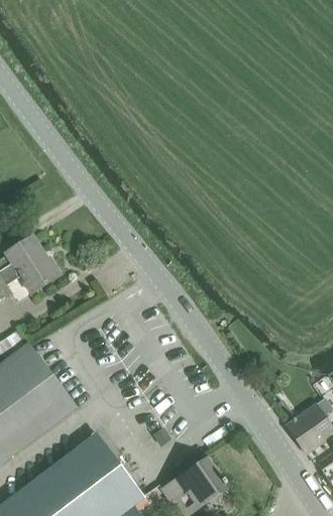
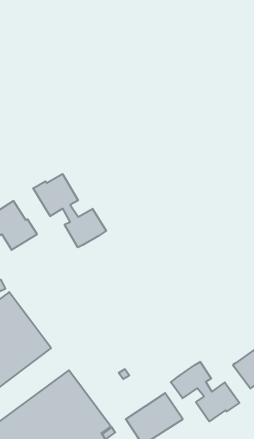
building: none -> [33,174,106,247]
building: none -> [171,362,239,421]

